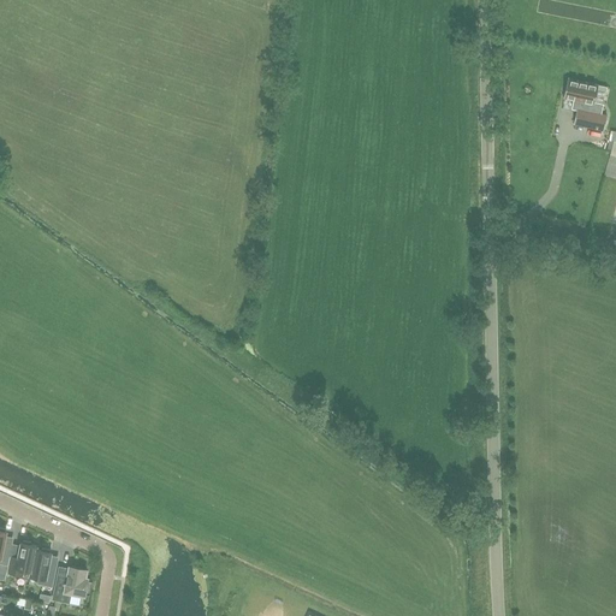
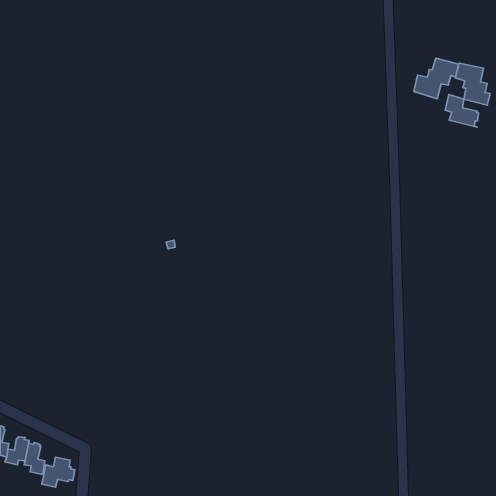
building: none -> [414,58,459,99]
building: none -> [445,94,479,127]

